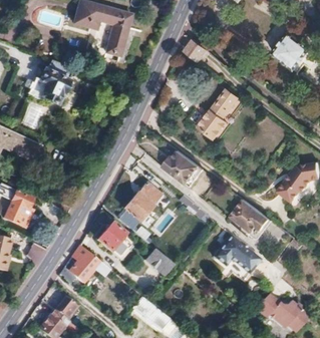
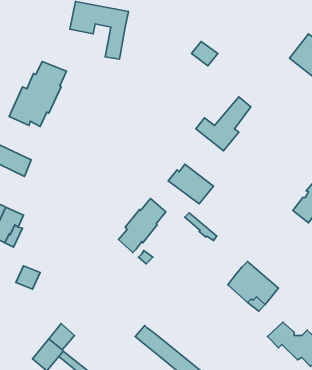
building: [234,203,275,236] -> none
building: [97,222,130,260] -> none
building: [60,244,109,283] -> none
building: [144,249,174,276] -> none

